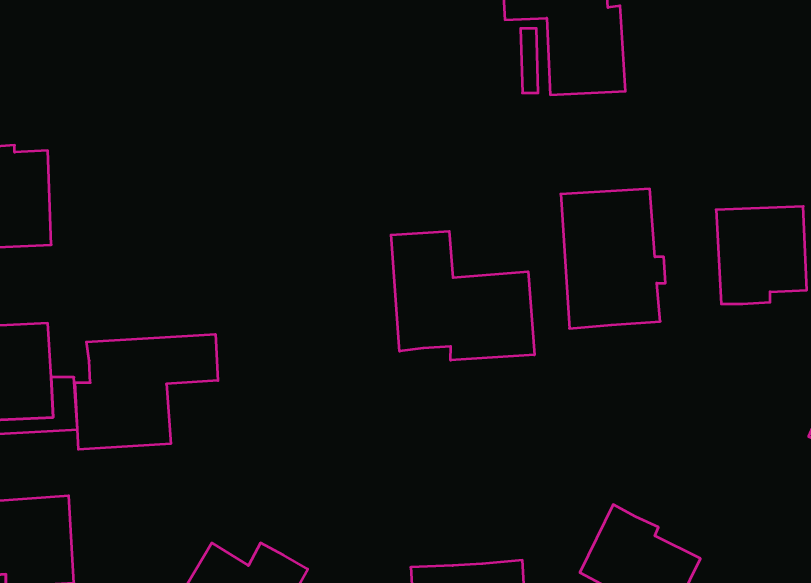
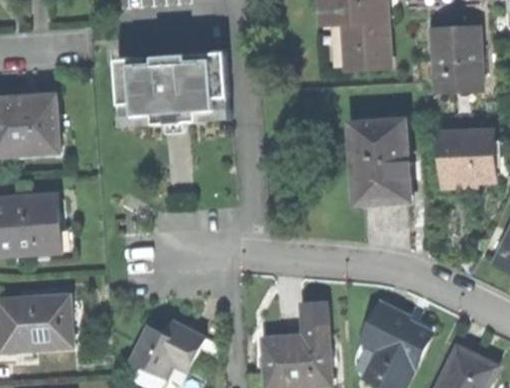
building: none -> [433,28,482,89]
building: none -> [114,51,228,124]
building: [391,231,534,360] -> none
building: [75,334,218,449] -> none
building: none -> [303,300,329,336]

